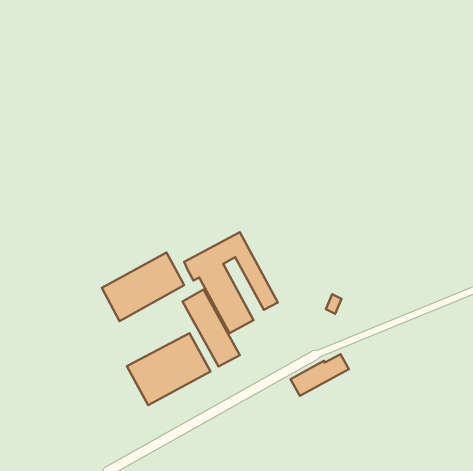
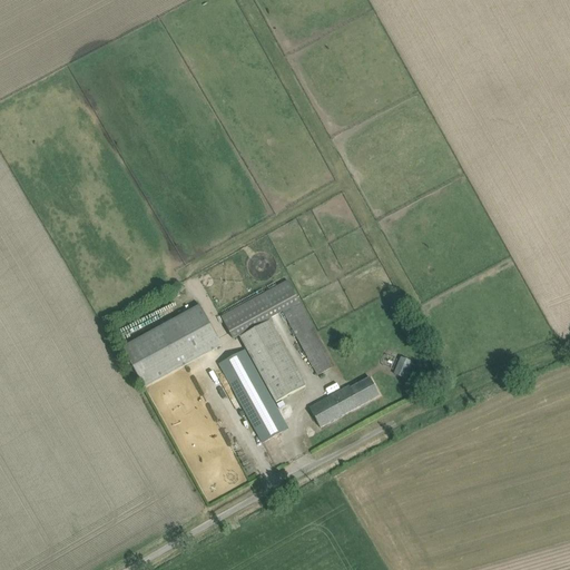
building: [127,333,210,405] -> none
building: [291,354,349,396] -> [309,376,380,426]

